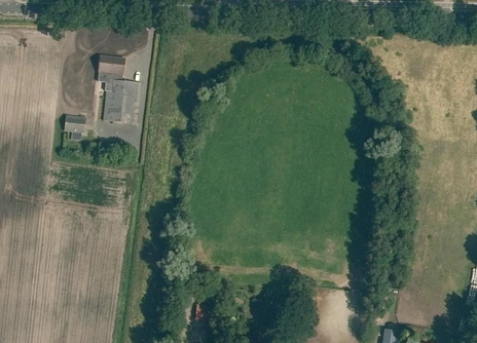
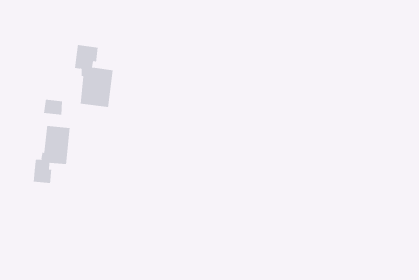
building: none -> [33,125,70,184]

